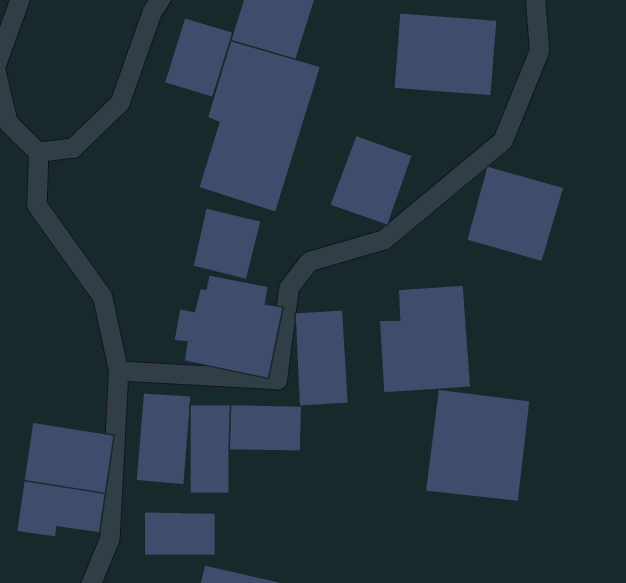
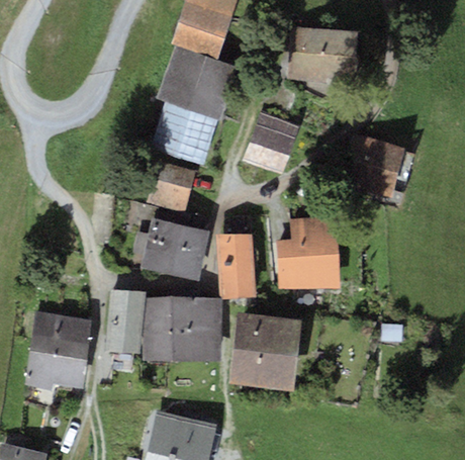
building: [164,18,233,97] -> none
building: [425,389,530,501] -> [227,312,300,390]
building: [144,512,216,556] -> [172,330,221,360]

